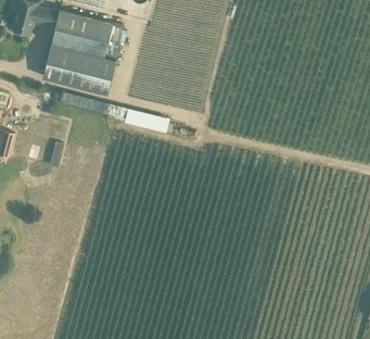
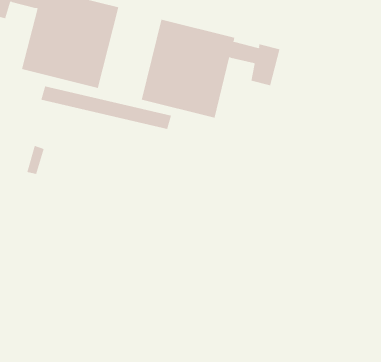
building: none -> [141,19,280,119]

